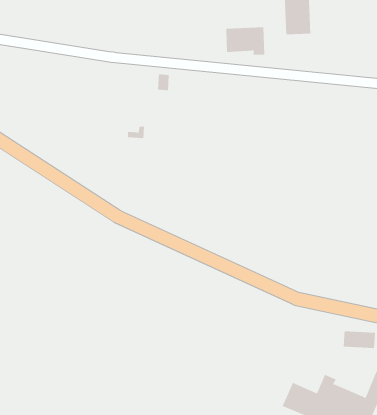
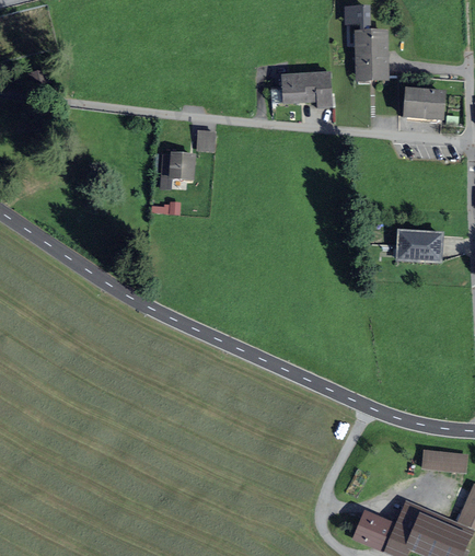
building: none -> [404,89,444,120]
building: none -> [160,152,195,182]
building: none -> [396,230,444,263]

